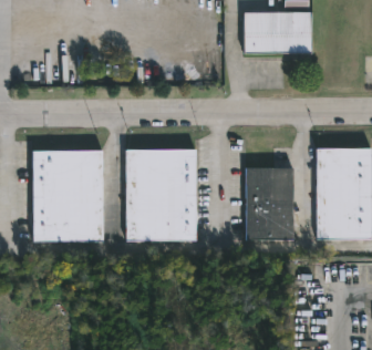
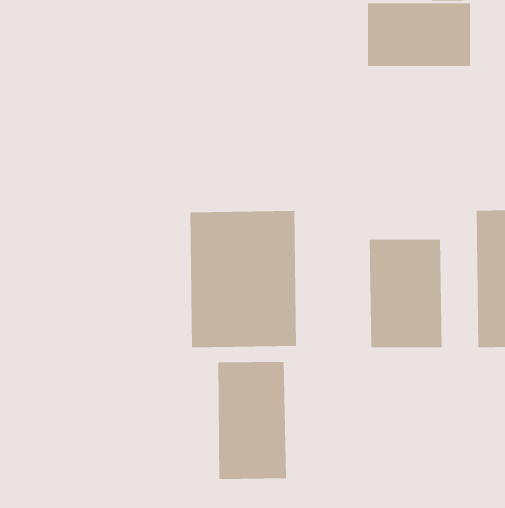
building: [31,151,102,241] -> none
building: none -> [218,361,286,480]

